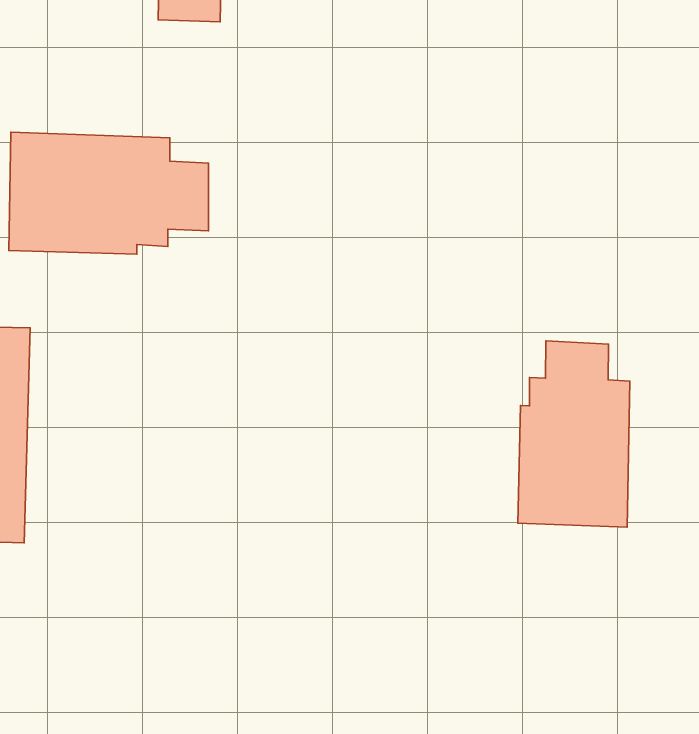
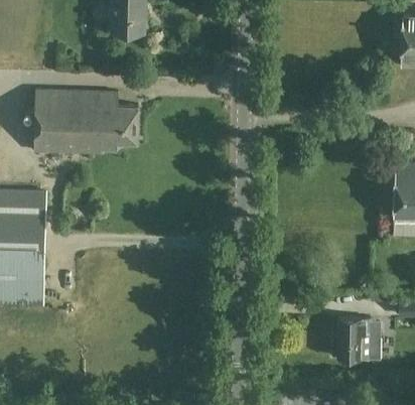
building: [518,341,630,527] -> none
building: none -> [337,317,380,358]

